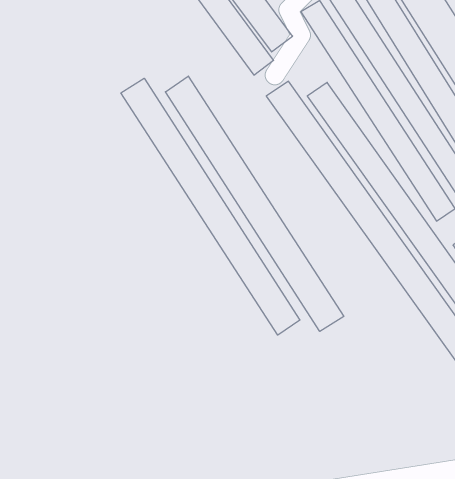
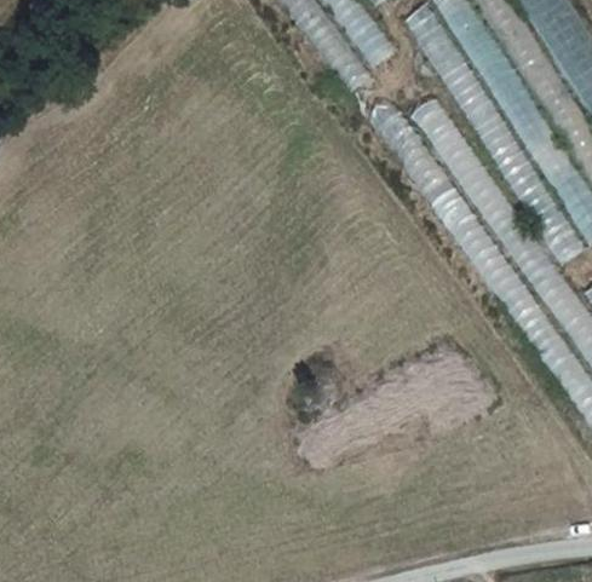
building: [165,76,344,331] -> none
building: [121,78,300,335] -> none

